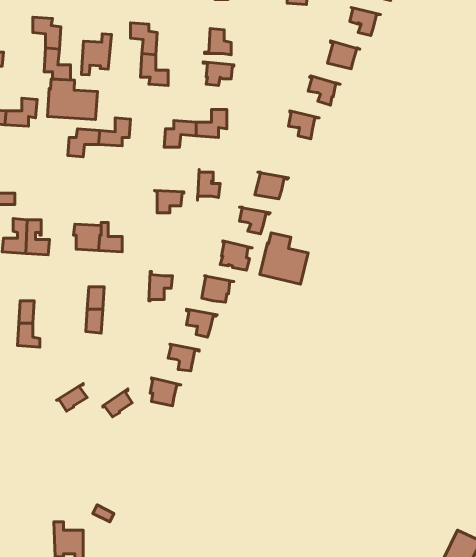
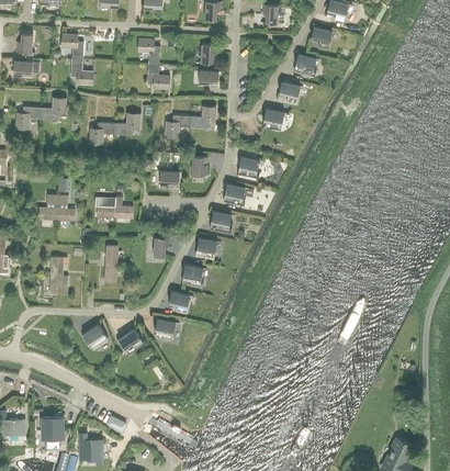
building: [81,34,111,75] -> none
building: [47,79,98,119] -> none
building: [260,233,308,284] -> none
building: none -> [41,417,63,439]

